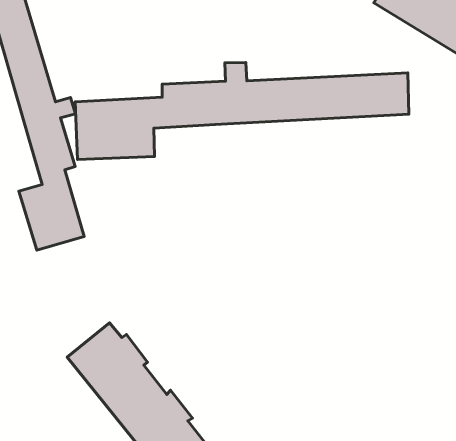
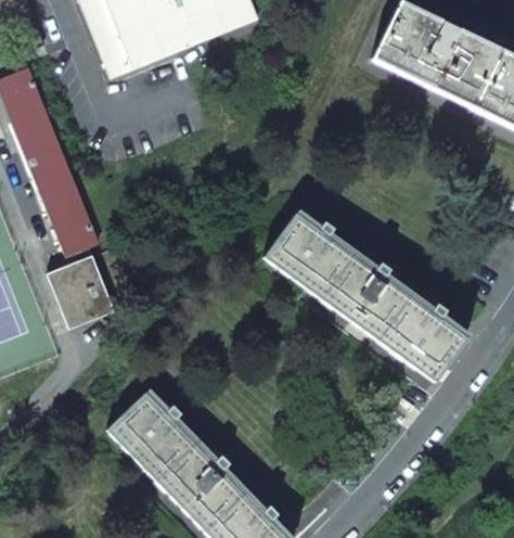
building: [75,62,409,160] -> none
building: none -> [265,215,466,381]

